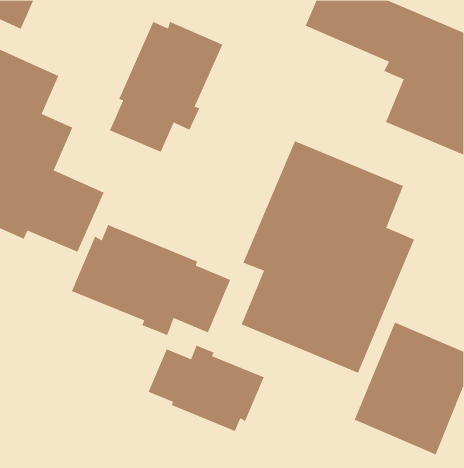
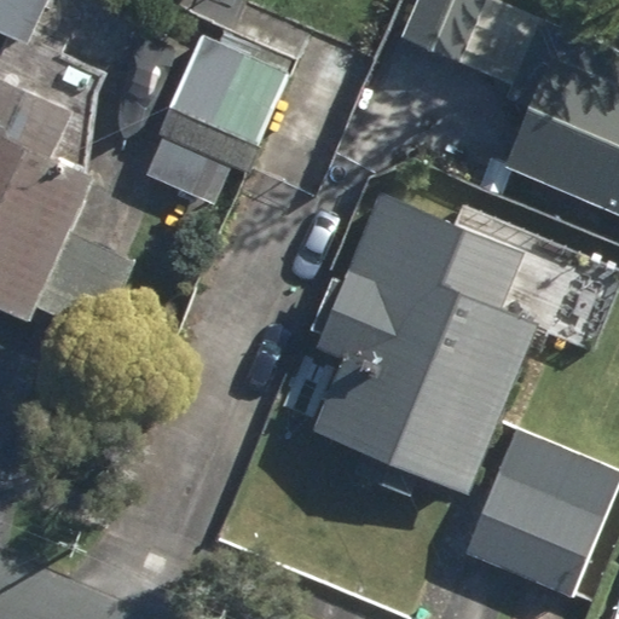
building: [71,224,231,336] -> none
building: [148,345,264,432] -> none

